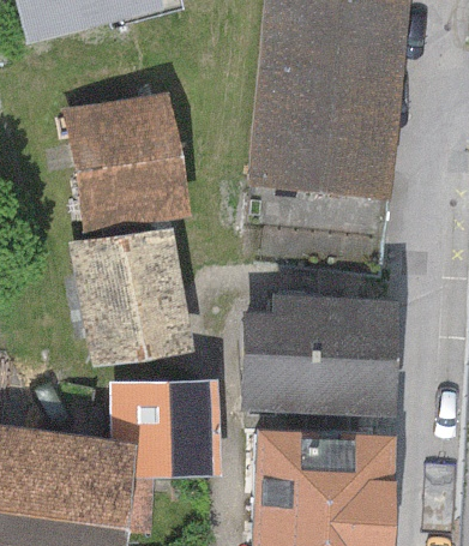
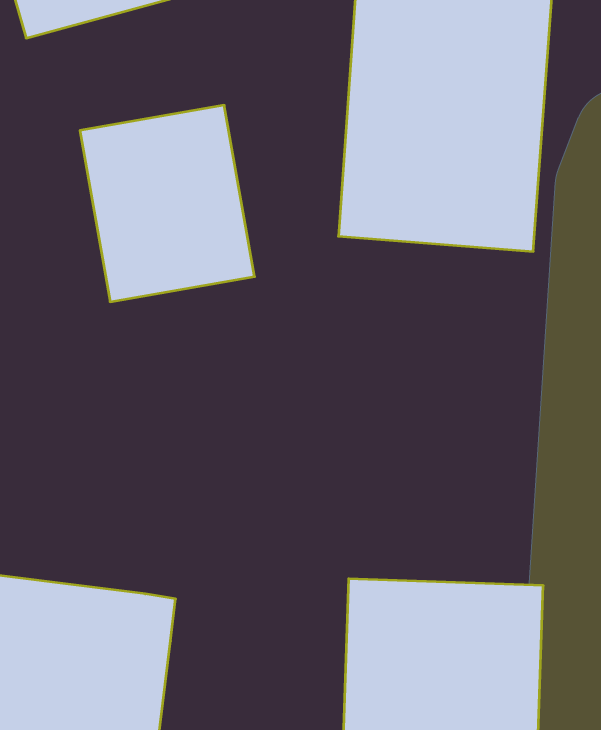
building: [73,226,194,366] -> none
building: [243,295,397,408] -> none
building: [112,382,218,474] -> none

